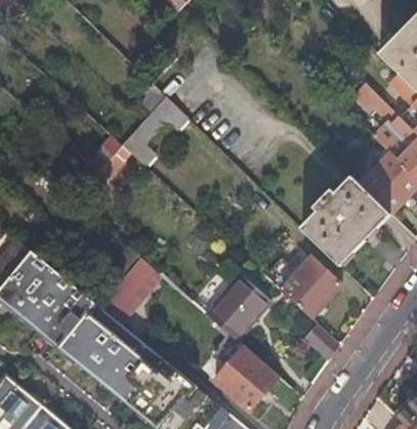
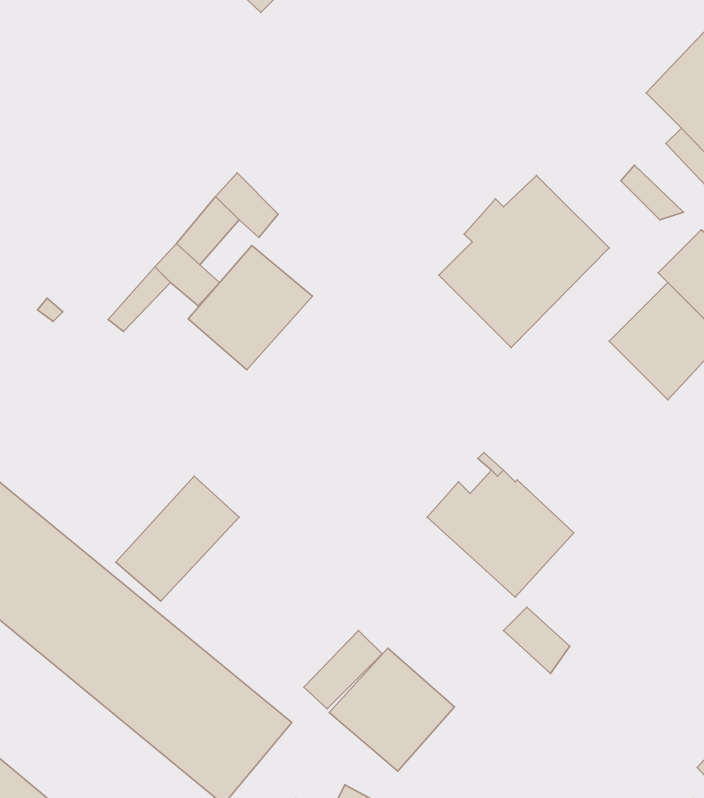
building: none -> [188,245,312,370]
building: [301,178,390,268] -> [439,175,609,347]
building: [207,275,270,340] -> none

